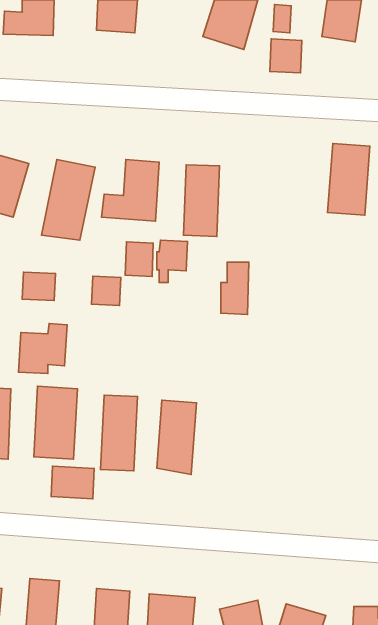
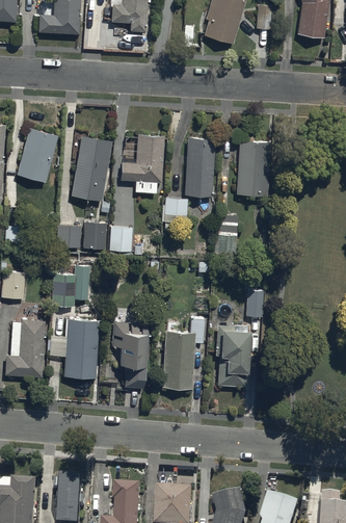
building: [270,39,302,73] -> none
building: [328,144,370,215] -> [236,137,270,195]
building: [125,242,153,276] -> [84,223,107,251]
building: none -> [247,289,265,318]
building: none -> [218,324,249,386]
building: [51,466,94,499] -> none

